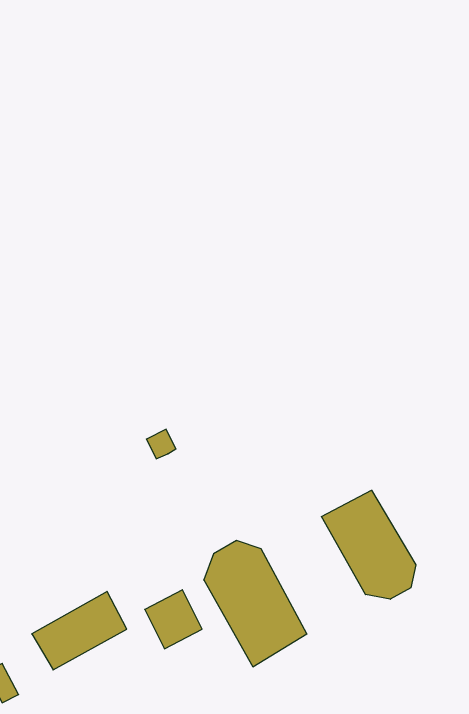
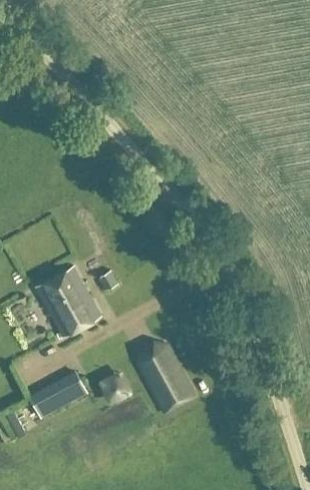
building: none -> [36,266,101,339]
building: [321,490,416,599] -> none

